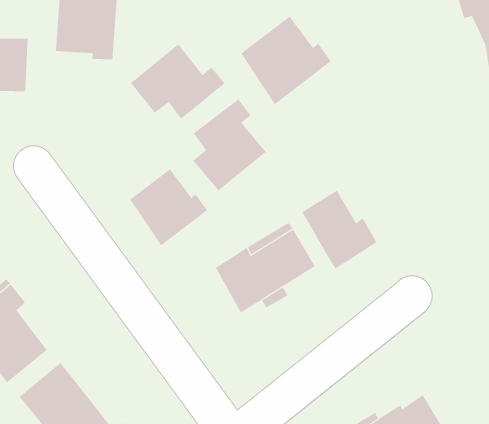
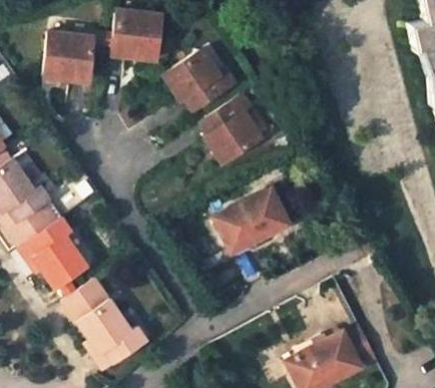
building: [240,16,332,105] -> none
building: [130,168,208,246] -> none
building: [302,190,377,270] -> none

